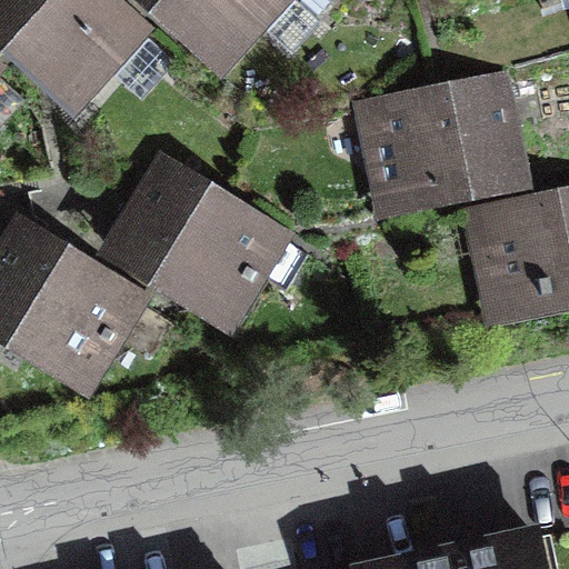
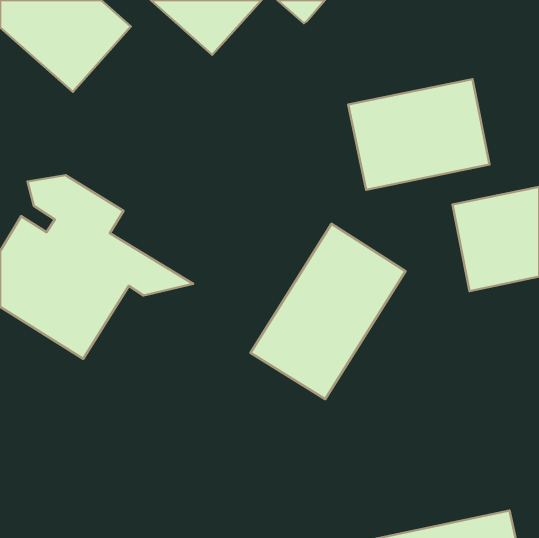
building: [116,167,306,317] -> none
building: none -> [250,224,406,399]

